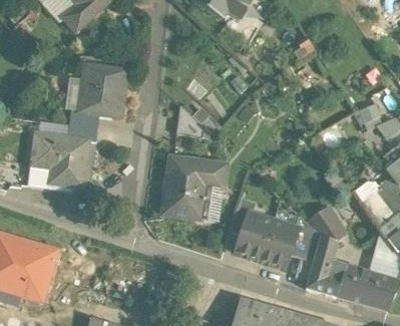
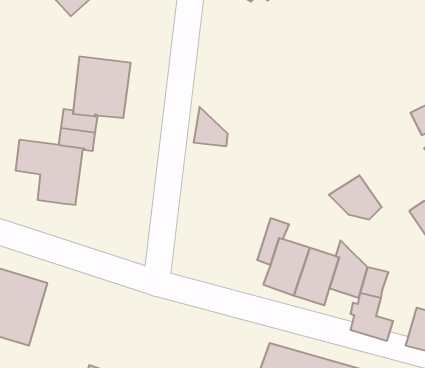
building: [29,156,71,189] -> none
building: [163,156,228,218] -> none
building: [304,204,347,240] -> [329,175,382,219]
building: [327,261,360,300] -> none

